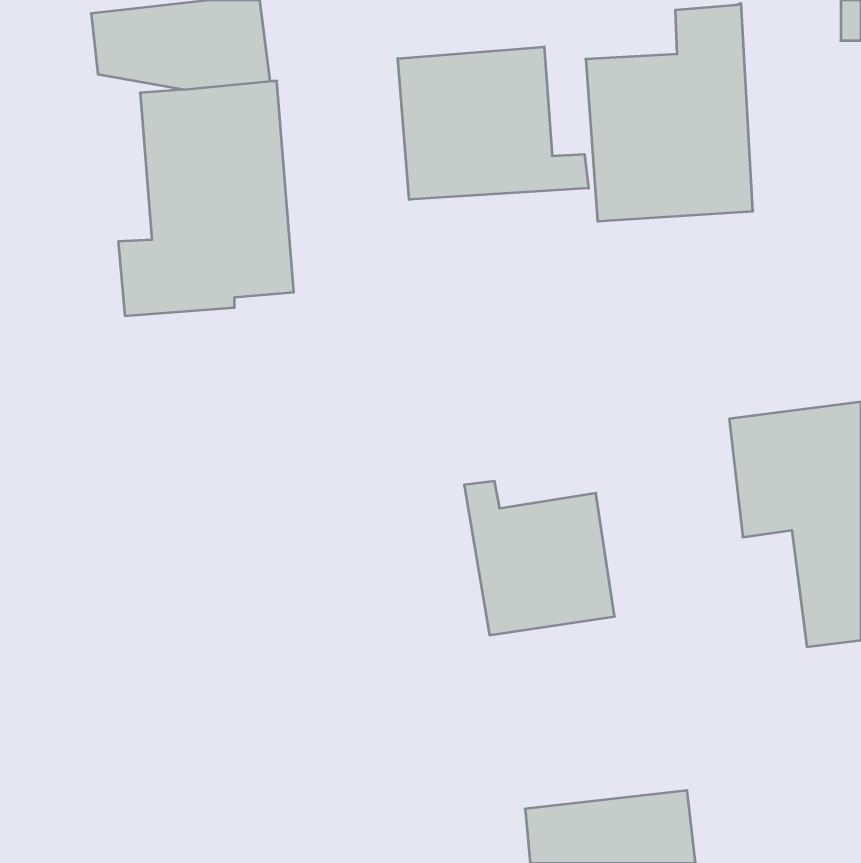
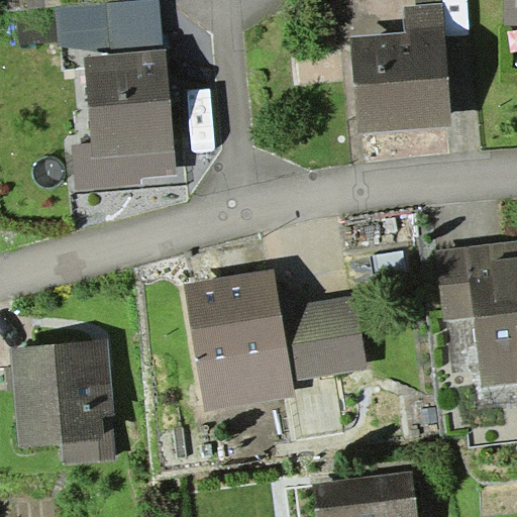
building: [398,47,589,200] -> none
building: none -> [184,269,295,411]
building: none -> [12,339,118,463]

